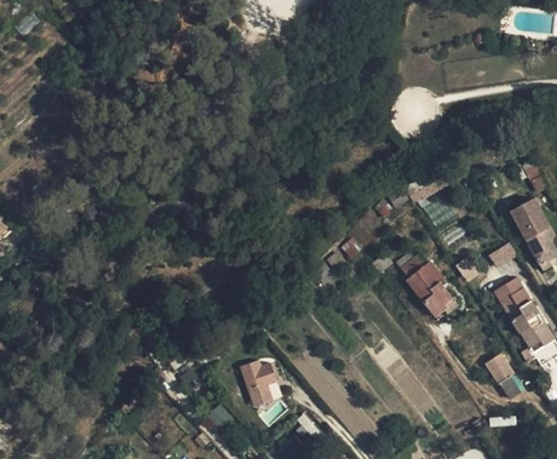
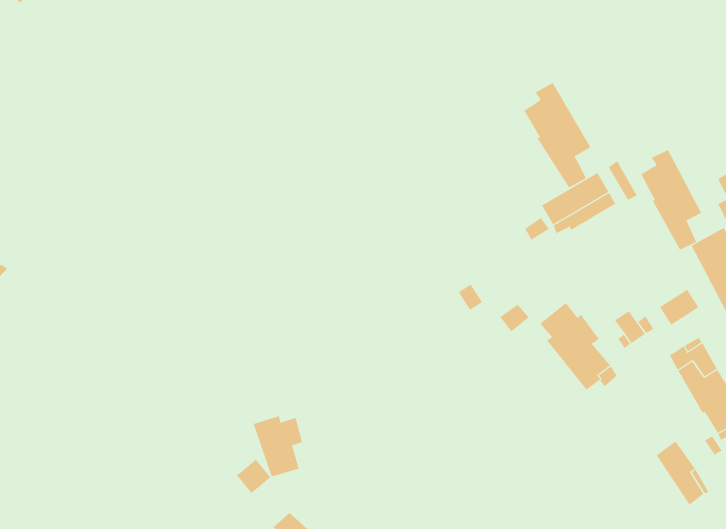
building: none -> [524,82,591,188]
building: none -> [640,149,702,250]
building: [239,362,275,407] -> [253,416,303,477]

